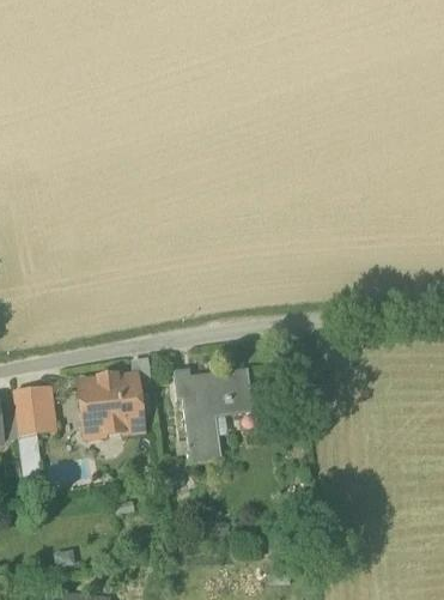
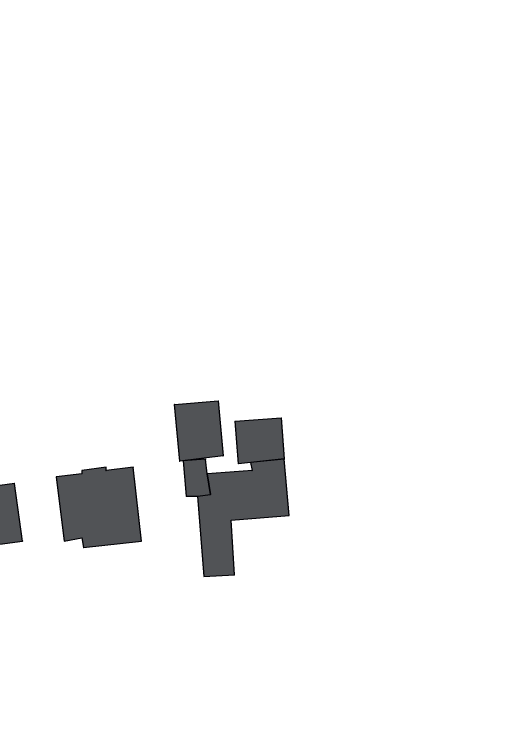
building: none -> [175,401,223,461]
building: none -> [235,418,284,464]

